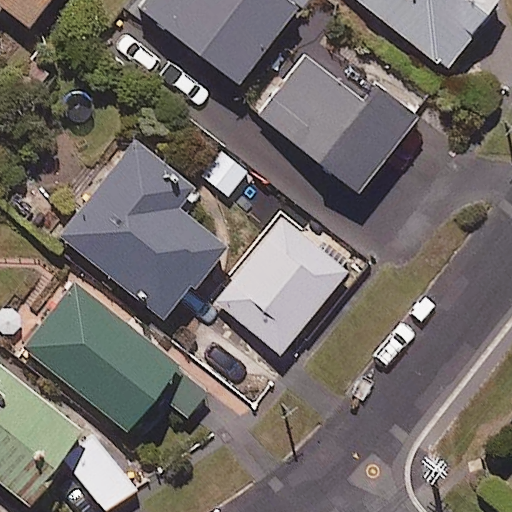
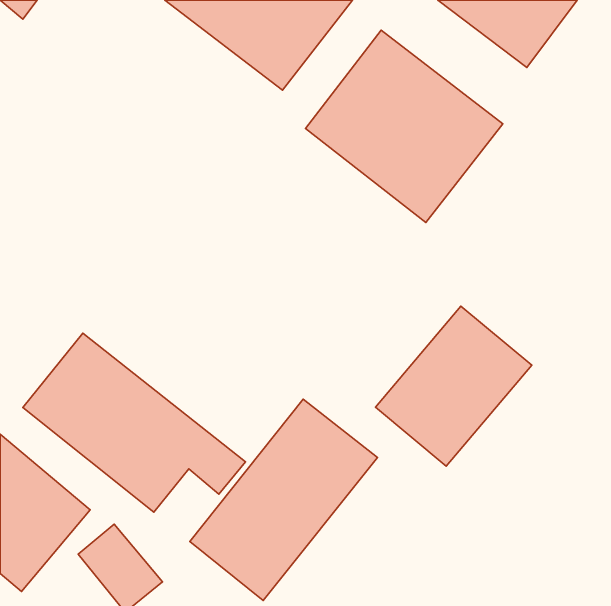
building: [60,140,224,321] -> none
building: [217,219,347,352] -> [375,306,532,466]
building: none -> [190,399,377,601]

